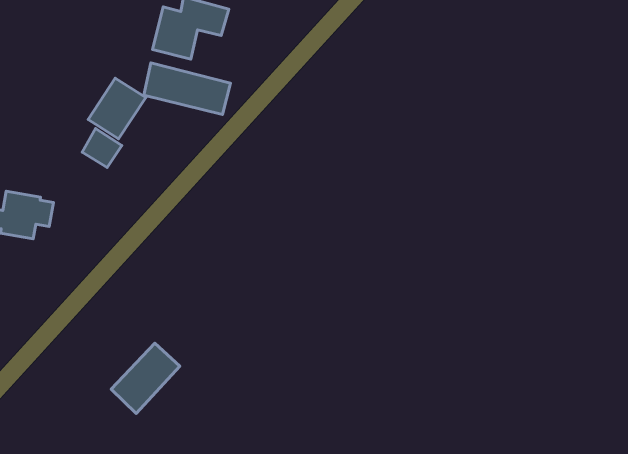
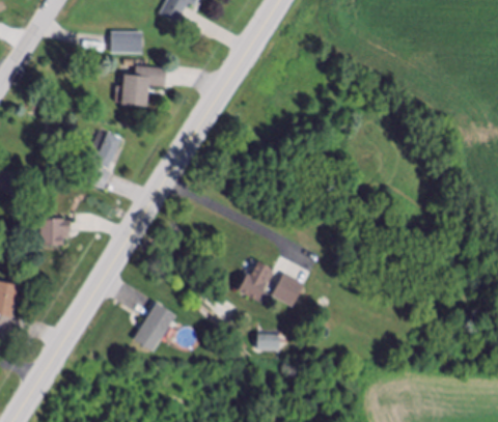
building: [144,63,231,115] -> none
building: none -> [236,259,306,311]
building: none -> [257,330,281,350]

